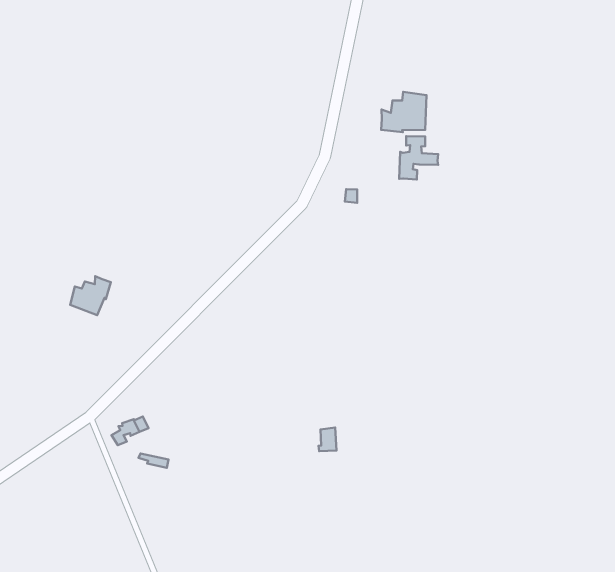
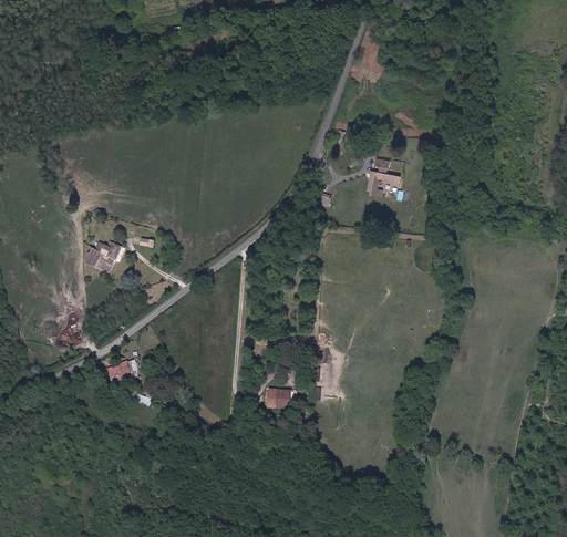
building: [381,92,426,132] -> none

